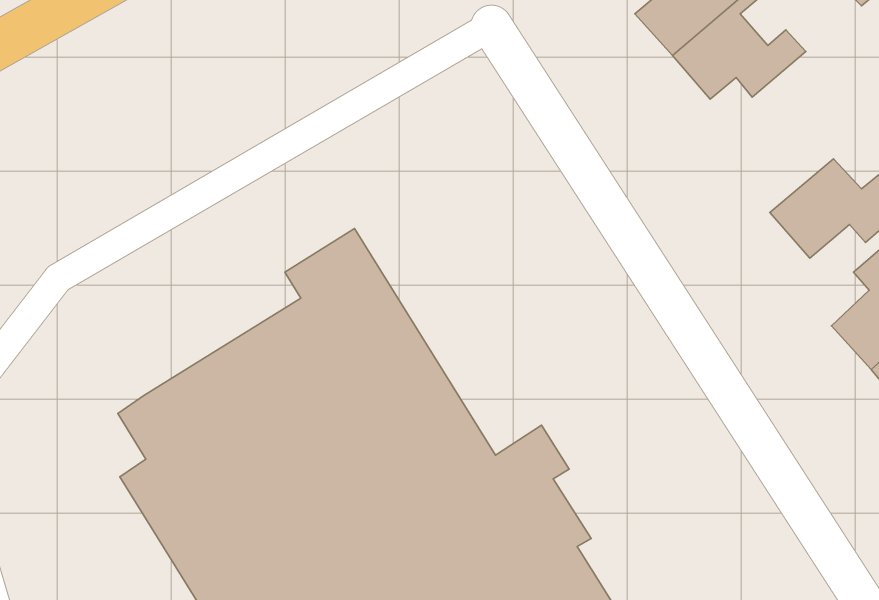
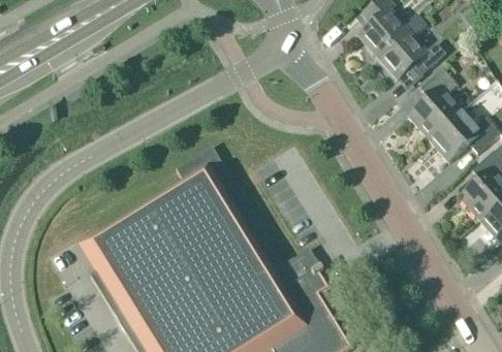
building: none -> [408,68,461,137]

